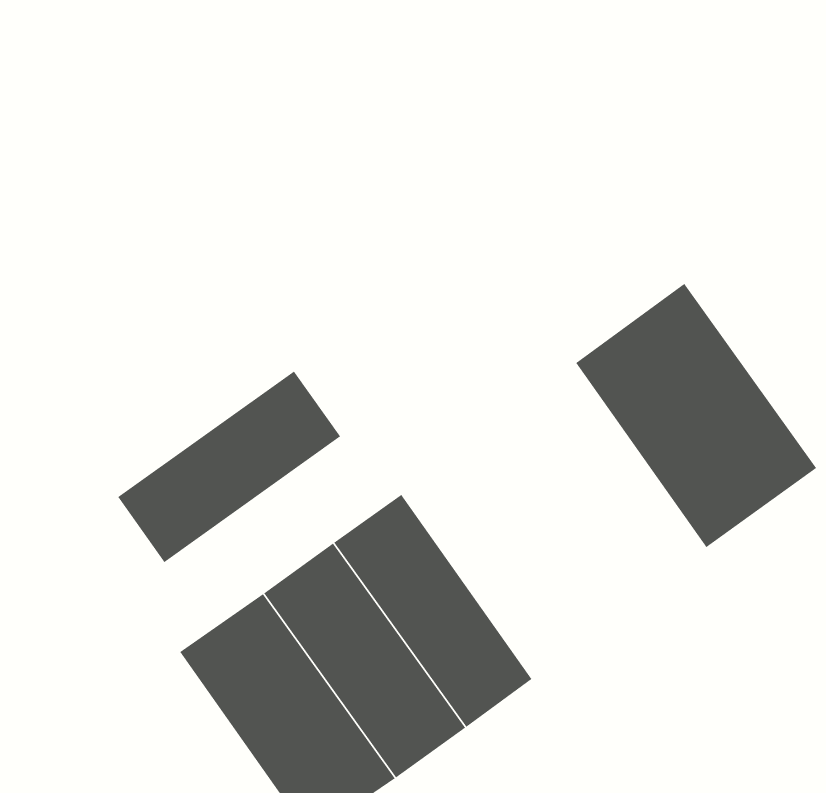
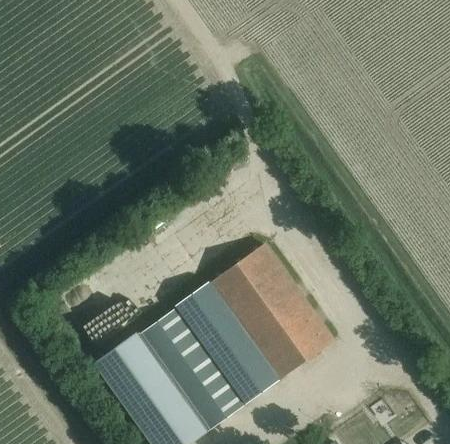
building: [575,283,817,548] -> [209,243,333,379]
building: [117,370,341,563] -> none

